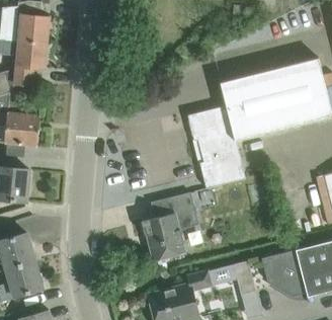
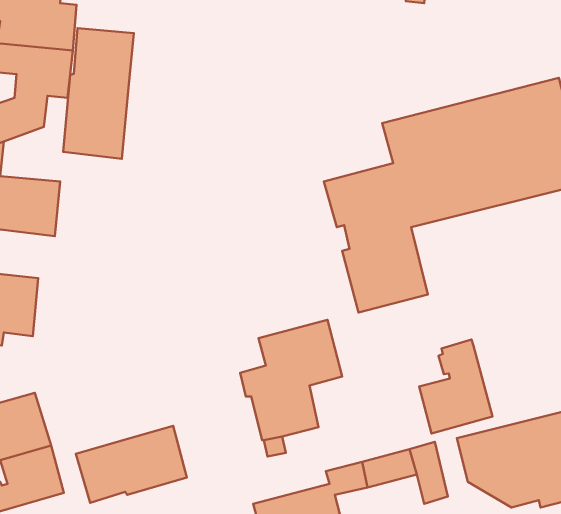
building: none -> [63,28,134,159]
building: none -> [419,339,492,433]
building: none -> [76,426,187,503]

